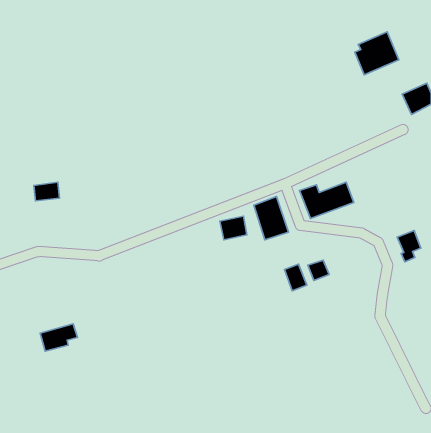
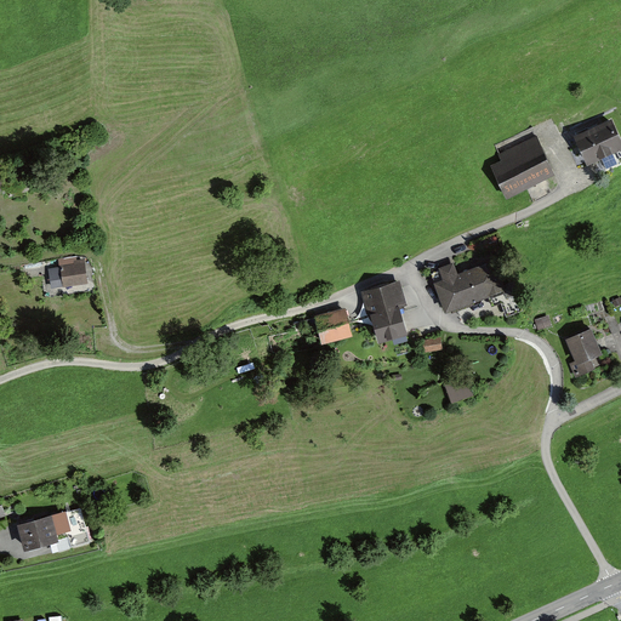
building: [355,32,399,75] -> [491,136,554,198]
building: [285,264,307,291] -> none
building: [40,324,77,351] -> [17,511,70,549]

